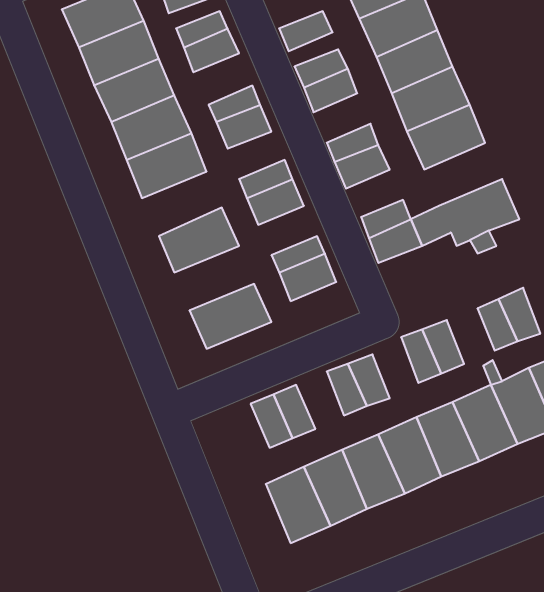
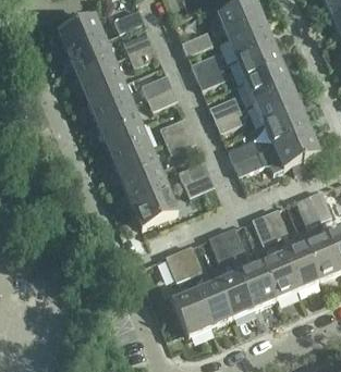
building: none -> [264,107,308,142]
building: none -> [102,123,148,160]
building: none -> [121,165,167,202]

